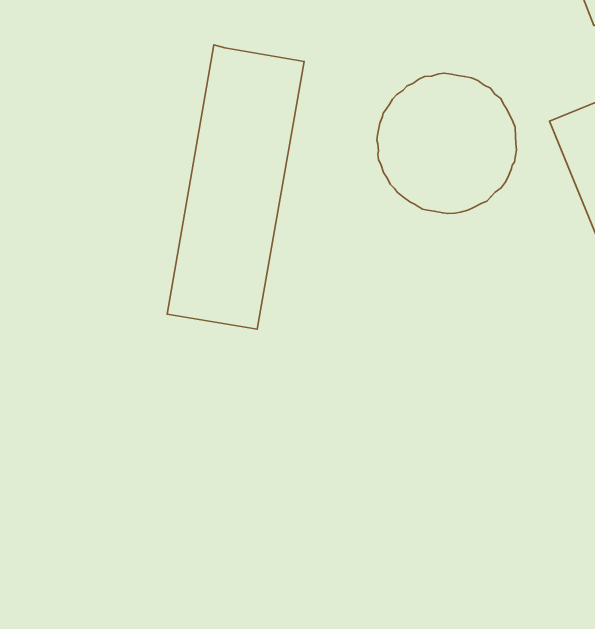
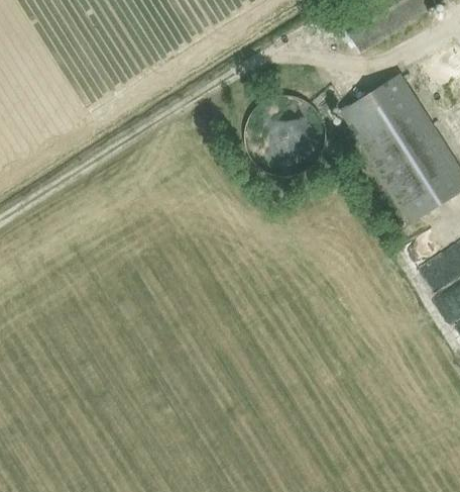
building: [167,45,304,329] -> none

